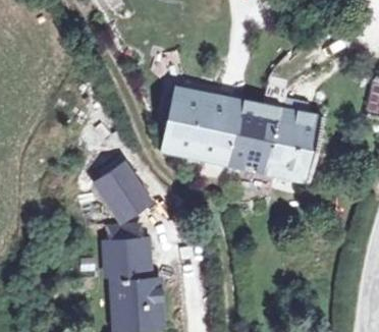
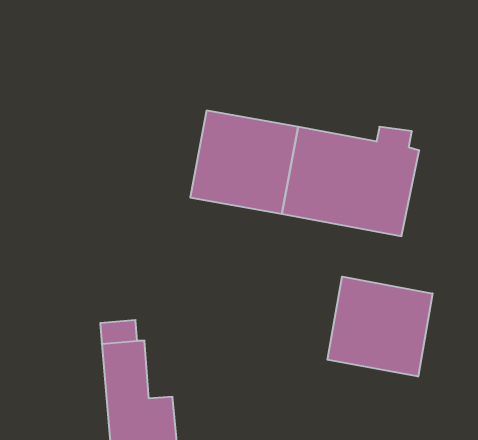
building: [97,169,147,222] -> none
building: none -> [327,277,433,377]

